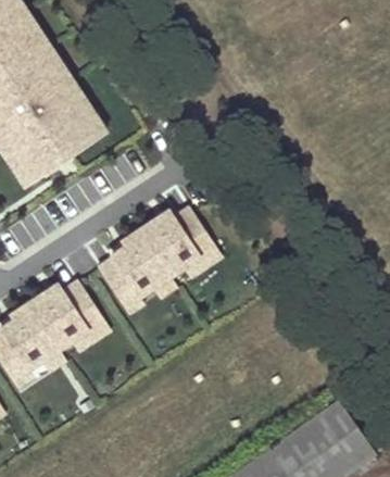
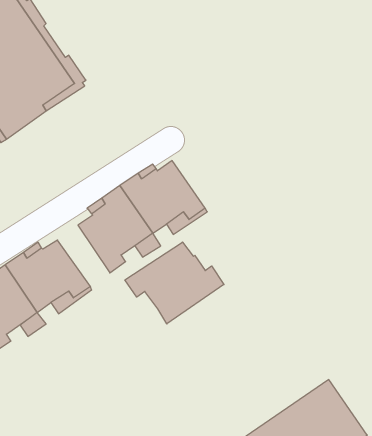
building: none -> [125,242,224,324]

